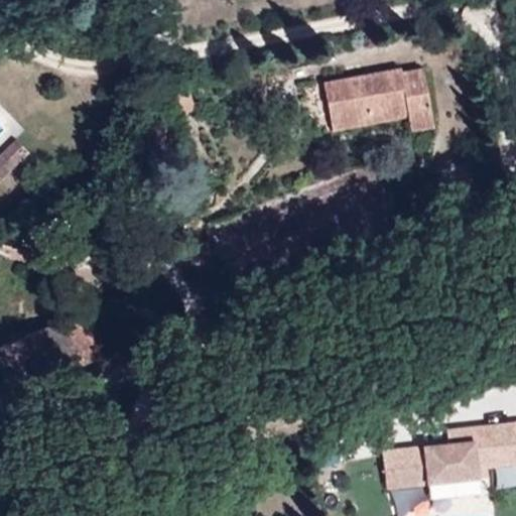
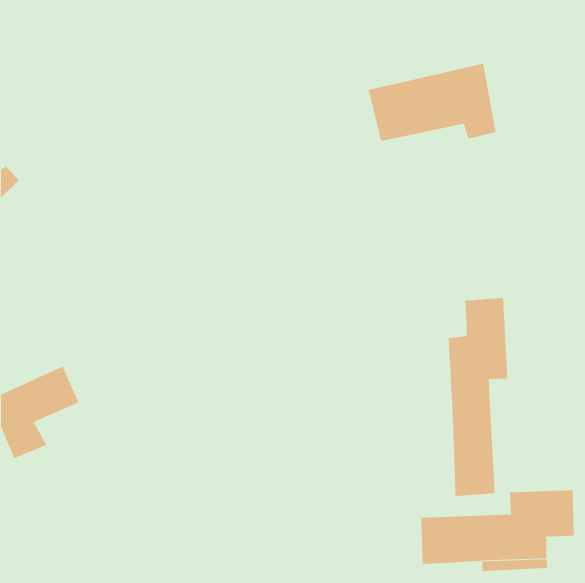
building: none -> [448,297,508,497]

